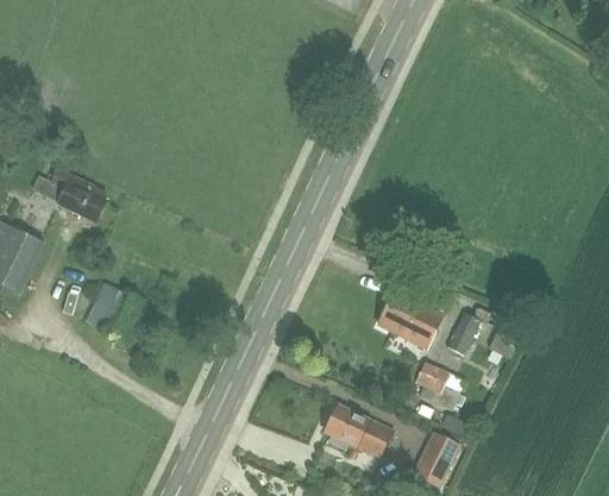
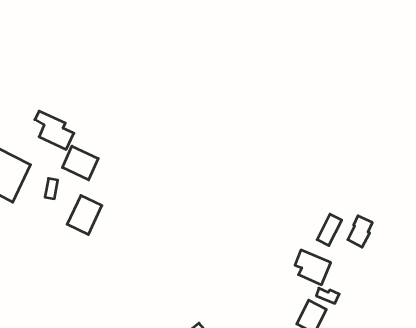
building: none -> [62,146,98,180]
building: [377,289,441,346] -> none
building: [322,403,393,459] -> none

